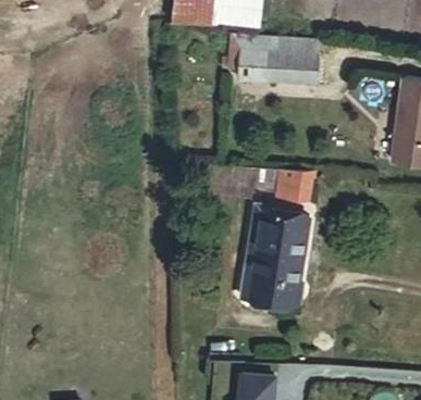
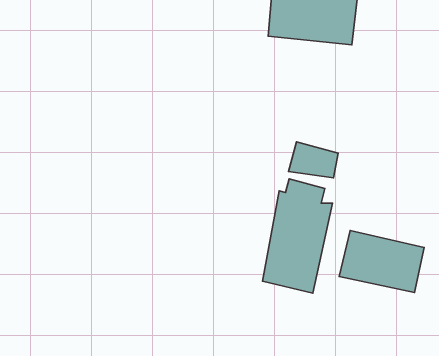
building: none -> [339,231,424,293]

